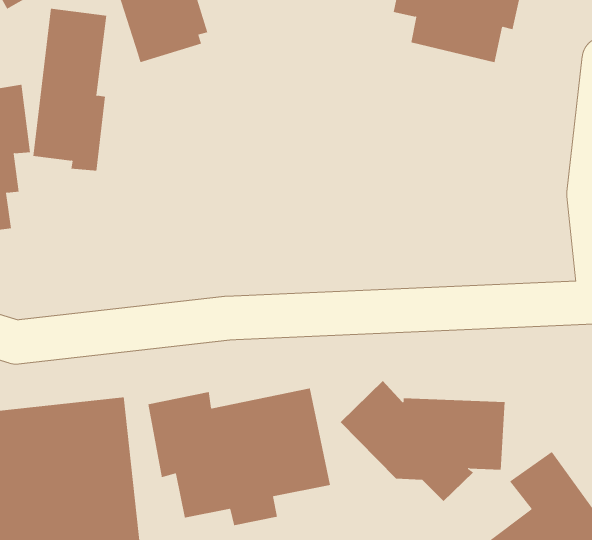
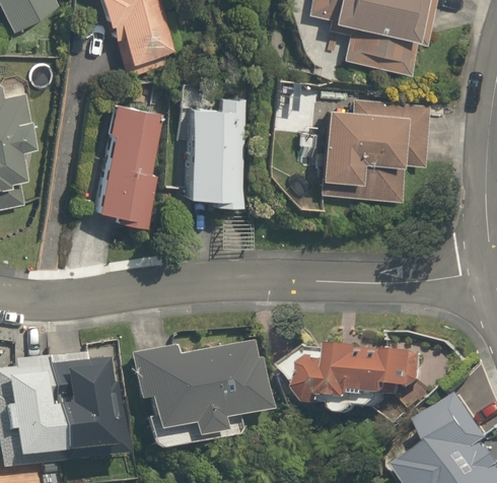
building: [33,8,107,171] -> [99,99,159,230]
building: none -> [320,93,428,199]
building: none -> [192,94,247,212]

